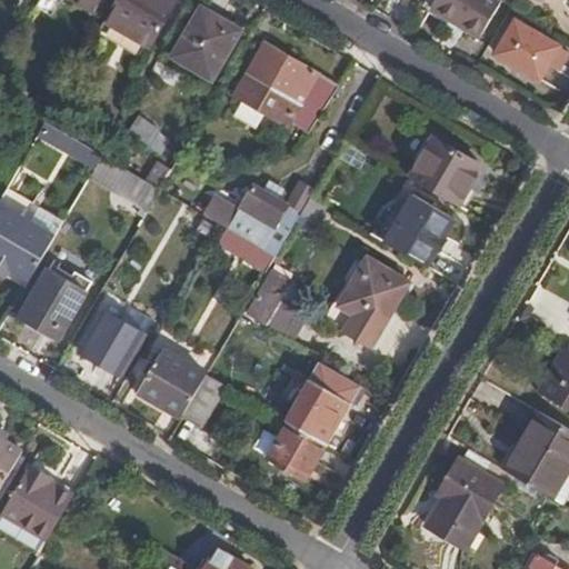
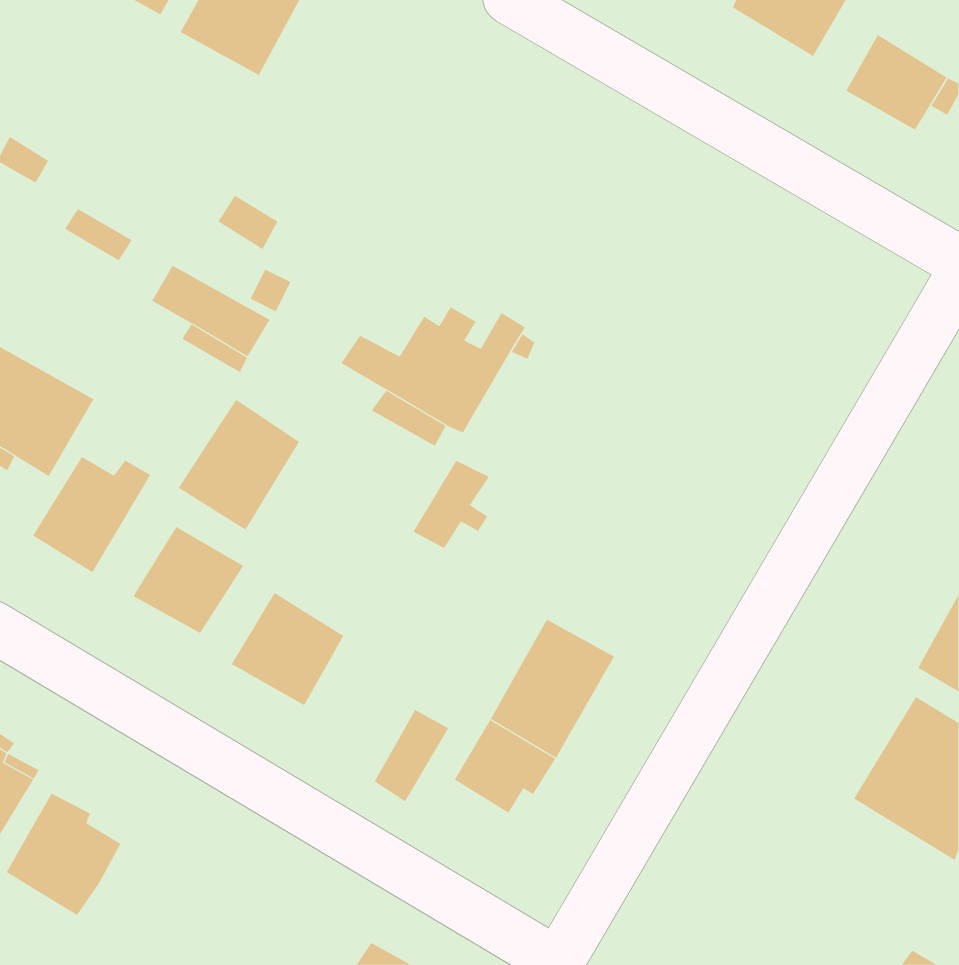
building: [172,6,238,77] -> none
building: [232,42,336,131] -> none
building: [409,143,478,208] -> none
building: [387,198,455,267] -> none
building: none -> [178,399,300,531]
building: [339,259,407,347] -> none
building: [178,373,222,428] -> [373,709,449,802]
building: [427,460,501,548] -> none

